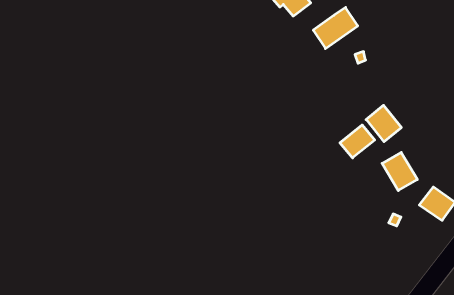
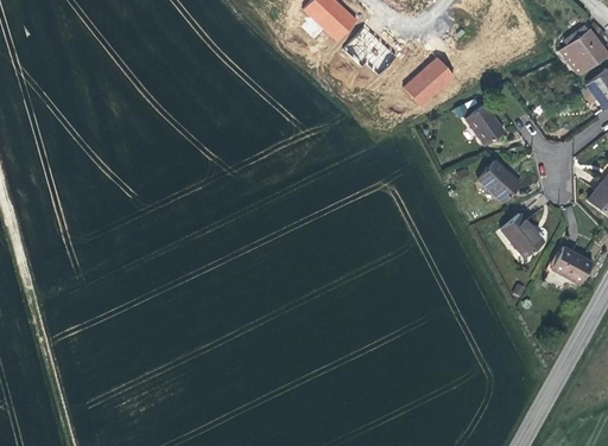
building: none -> [467,106,505,145]
building: [340,125,375,158] -> none

